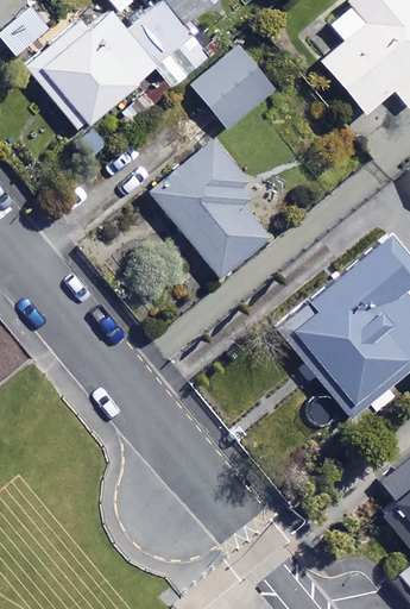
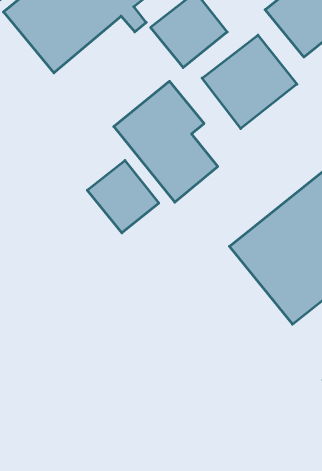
building: none -> [202,35,297,129]
building: none -> [87,160,159,233]

